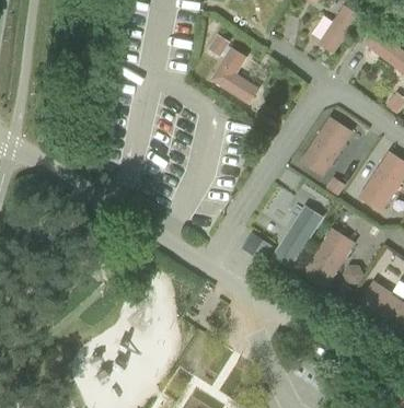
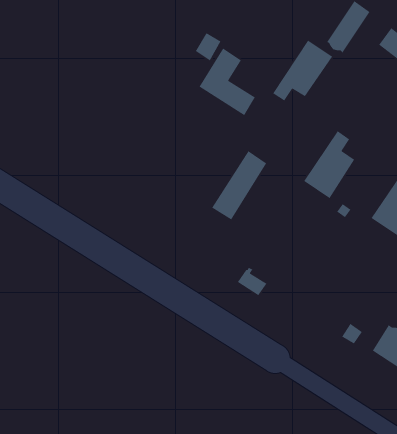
building: none -> [272,39,333,102]
building: [273,206,321,266] -> [211,150,267,220]
building: [302,230,354,289] -> none

